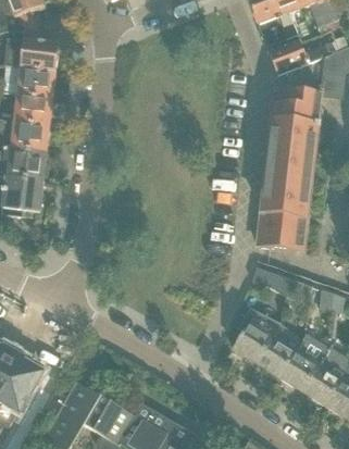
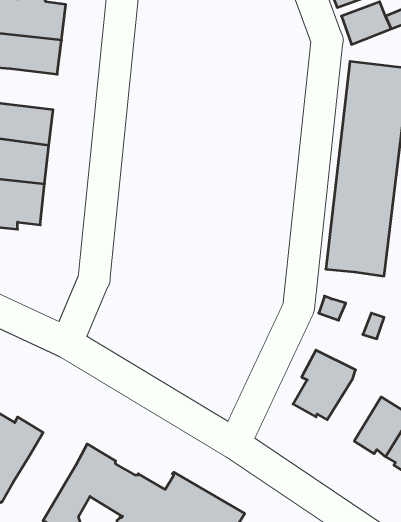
building: [12,92,51,124] -> none
building: [258,329,299,377] -> none

